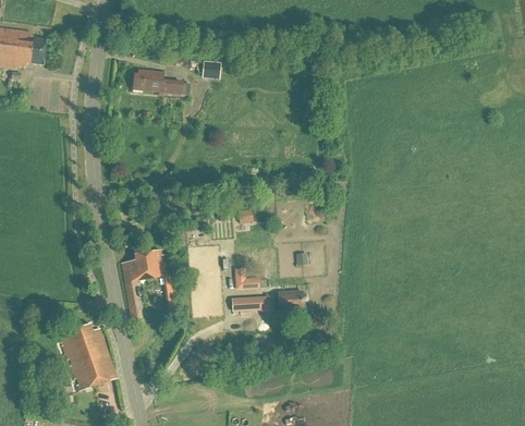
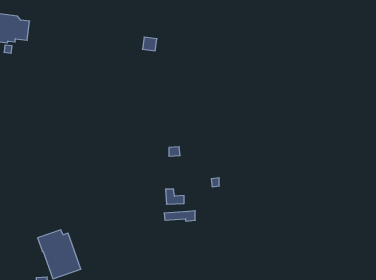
building: [132,70,190,98] -> none
building: [130,249,168,281] -> none
building: [278,290,303,311] -> none

